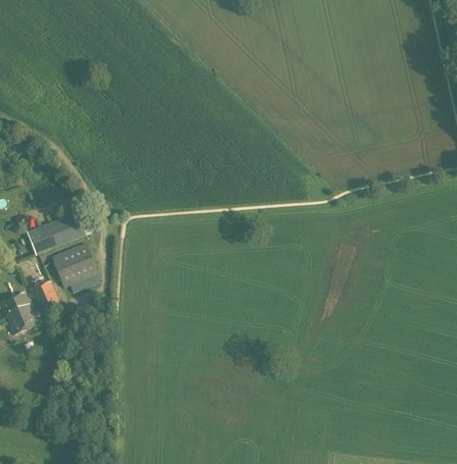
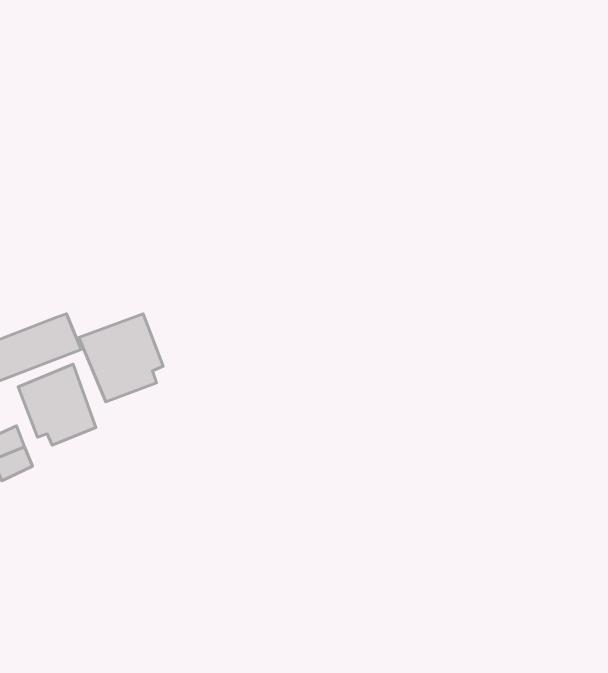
building: none -> [79,314,163,402]

